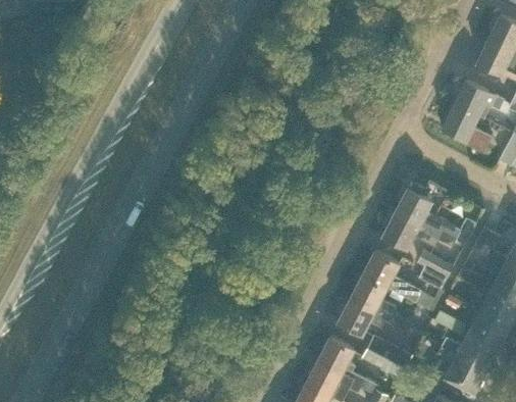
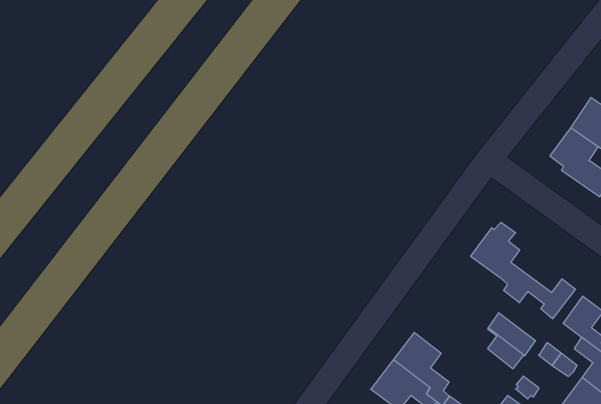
building: [383,211,456,248] -> none
building: [363,251,420,302] -> none

